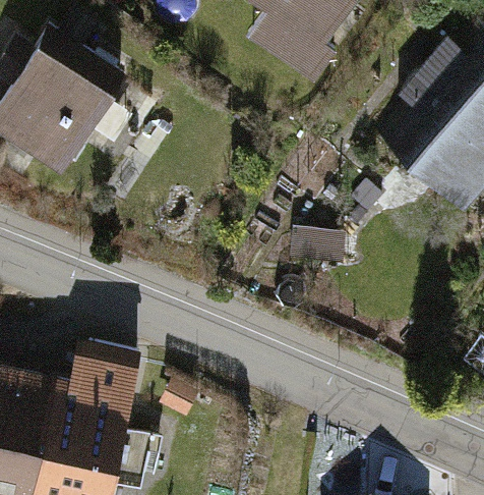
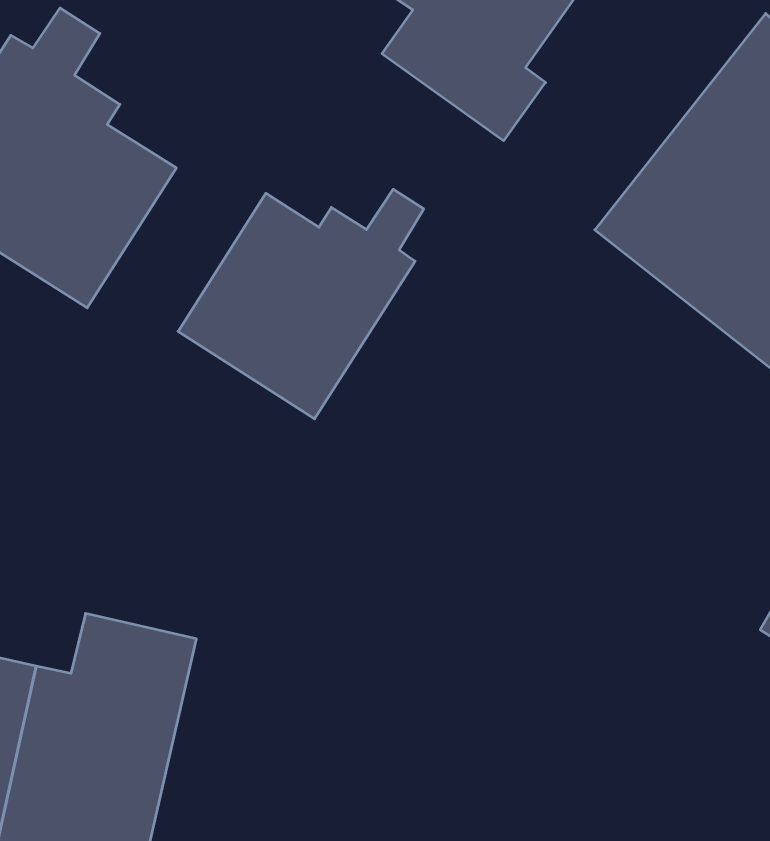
building: none -> [178,189,424,419]

